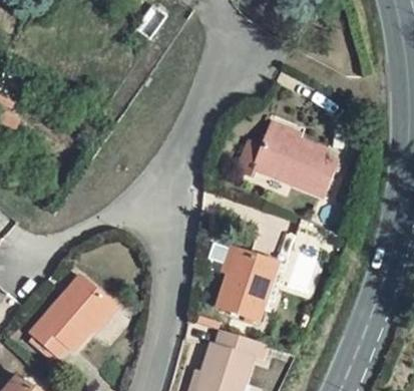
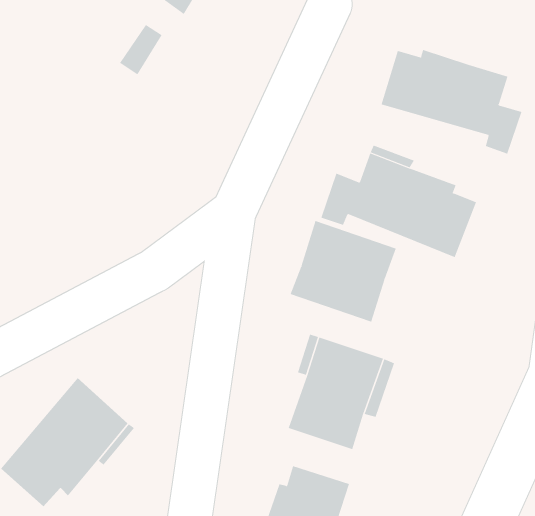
building: none -> [381,49,522,154]
building: none -> [290,220,397,322]

